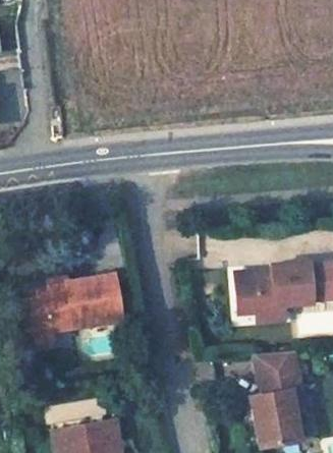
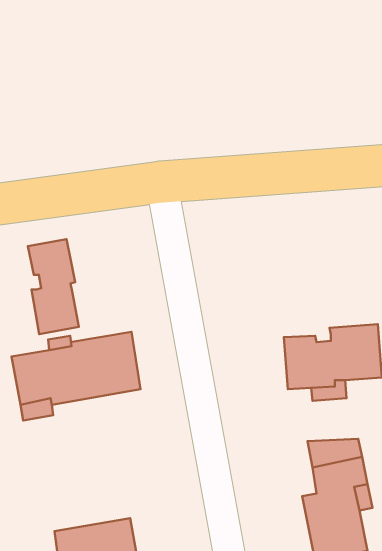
building: none -> [28,239,79,334]

